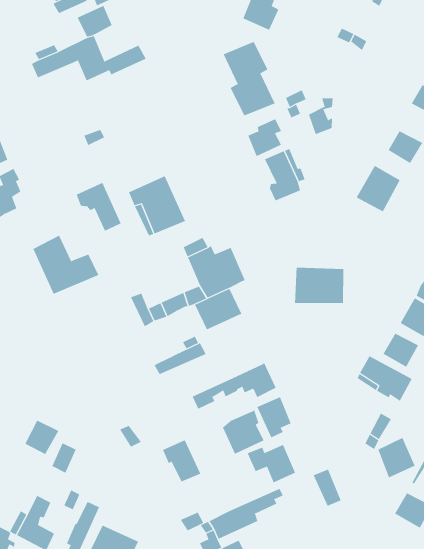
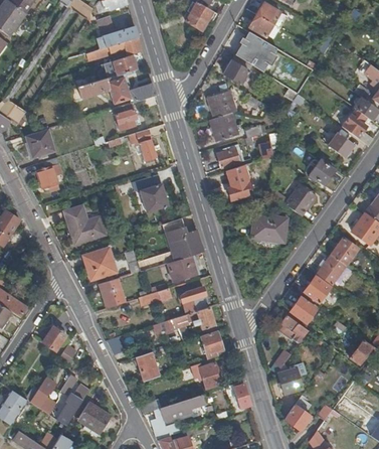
building: none -> [113,102,139,130]
building: [76,182,121,232] -> [129,128,157,161]
building: [294,267,344,304] -> [250,213,287,242]
building: none -> [84,248,117,279]
building: none -> [101,277,126,307]
building: [222,410,264,455] -> [181,286,208,314]

